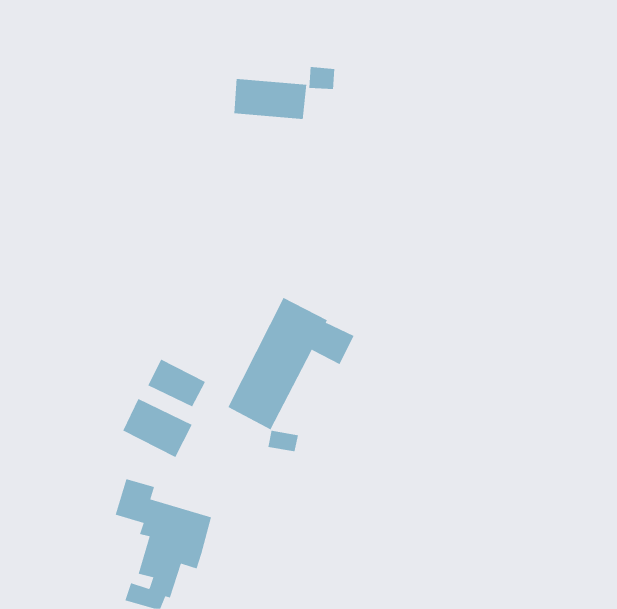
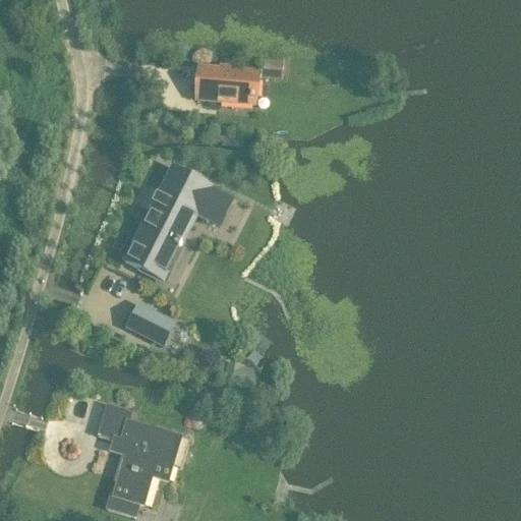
building: [227,297,354,430] -> [124,166,231,278]
building: [123,398,192,458] -> none

